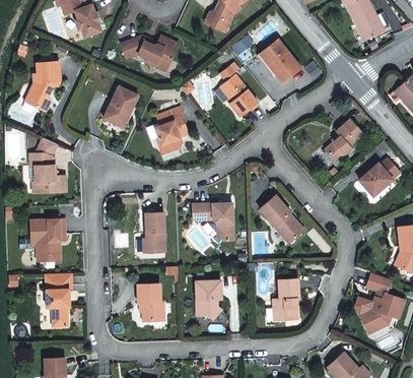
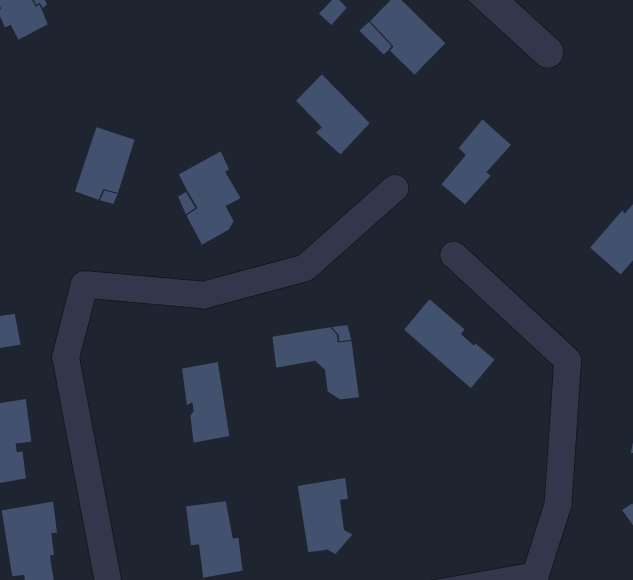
building: [121,35,179,70] -> none
building: [325,118,363,161] -> [440,119,512,205]
building: [272,279,298,320] -> none

